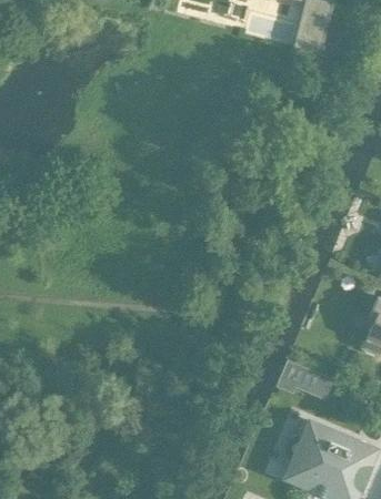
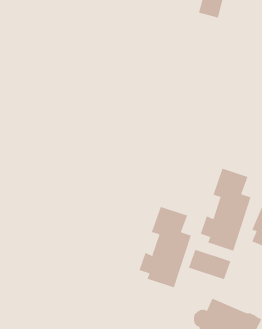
building: none -> [200,168,251,251]
building: none -> [139,206,191,288]

